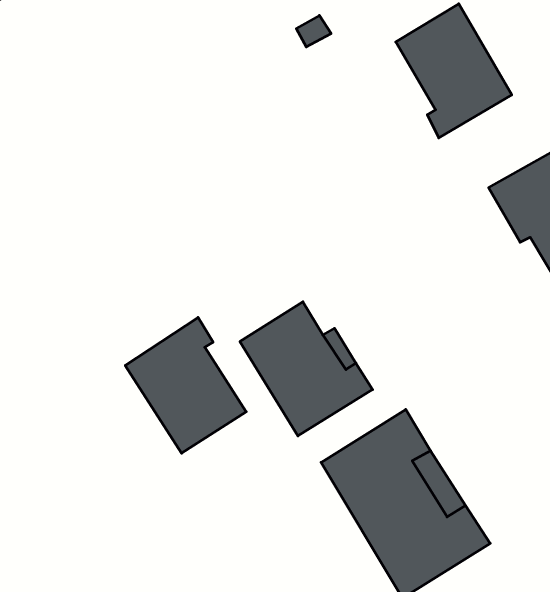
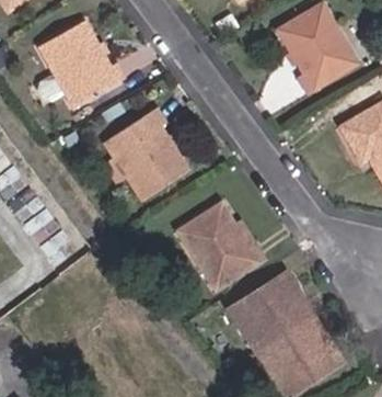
building: none -> [38,21,123,106]
building: [125,317,246,453] -> [107,107,187,197]

